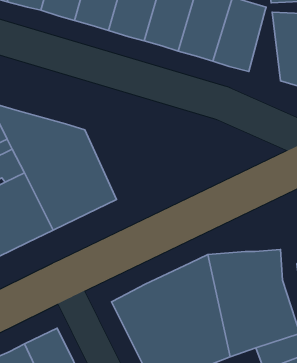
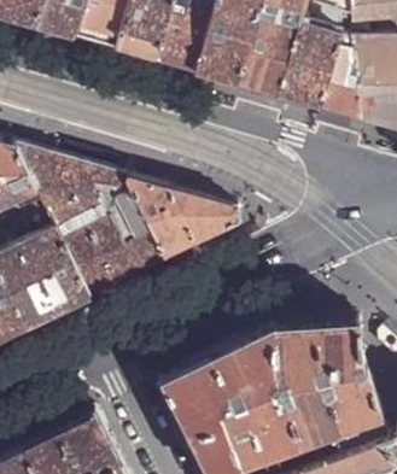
building: none -> [321,39,358,122]
building: none -> [128,180,239,262]

